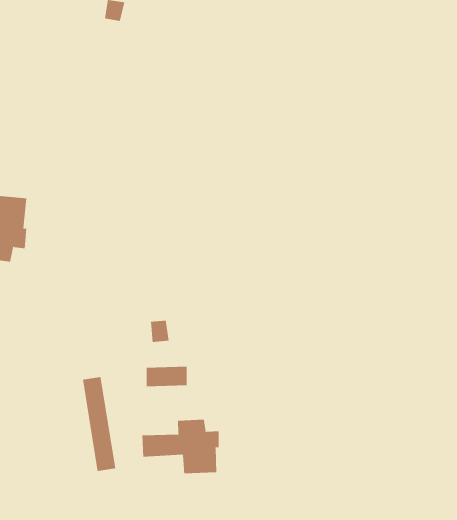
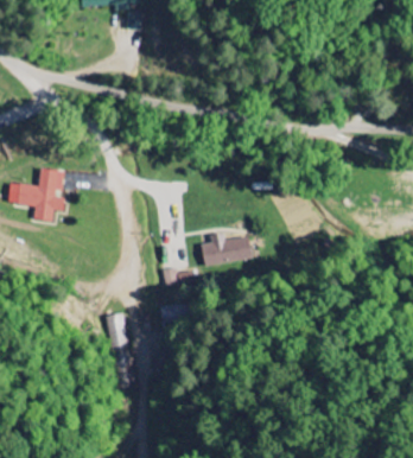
building: none -> [199,233,252,266]
building: [142,419,219,474] -> none

